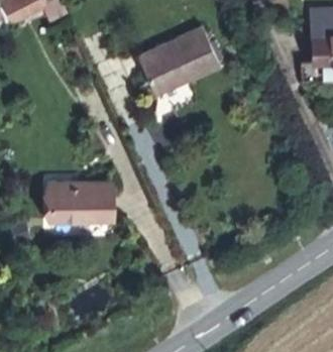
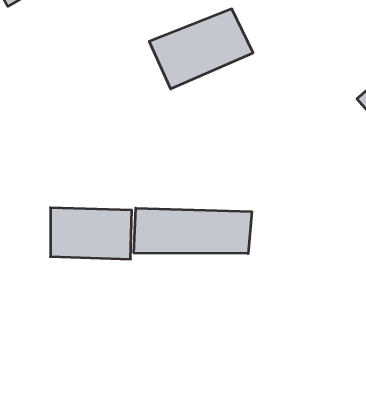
building: none -> [134,208,252,254]

